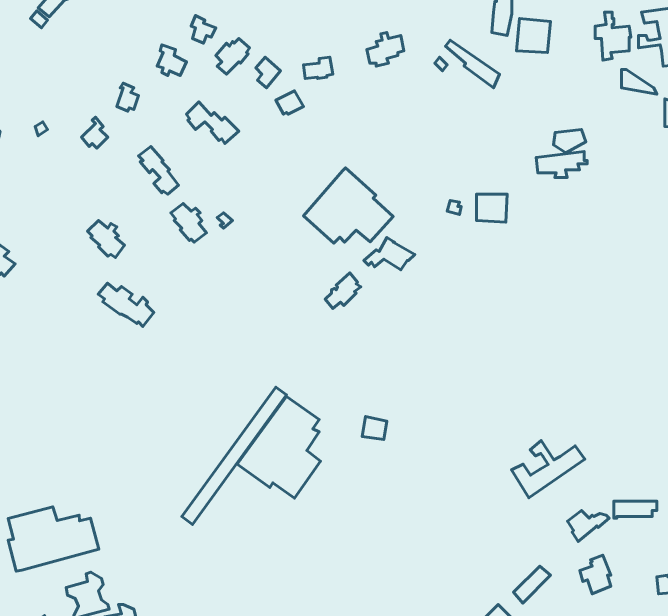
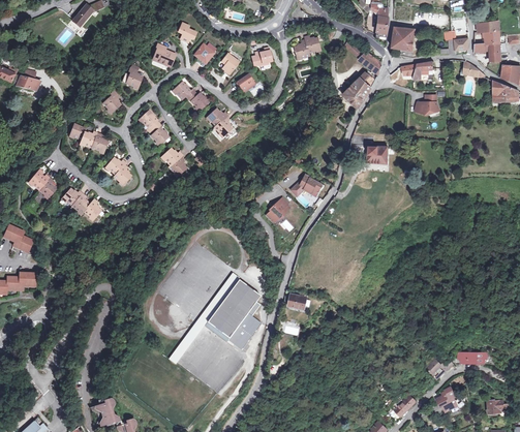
building: none -> [341,71,375,109]
building: none -> [206,109,234,138]
building: [536,151,587,178] -> [399,61,433,79]
building: none -> [71,125,108,153]
building: [303,168,393,243] -> none
building: [98,283,154,326] -> [64,192,101,221]
building: [511,440,585,498] -> none
building: [8,507,99,571] -> none

